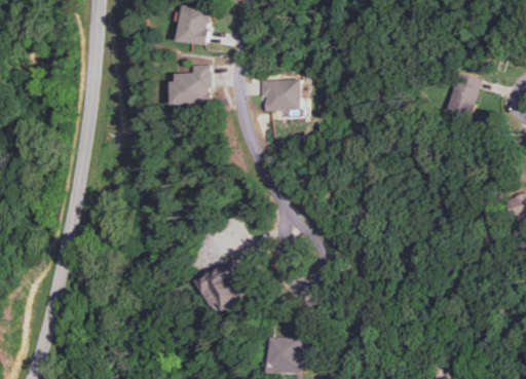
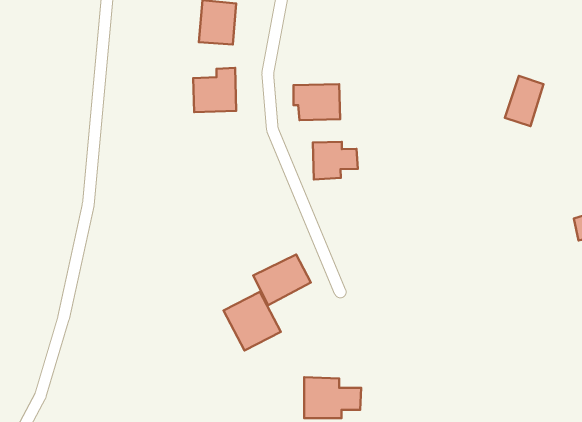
building: none -> [313,142,358,180]
building: none -> [253,254,311,305]

